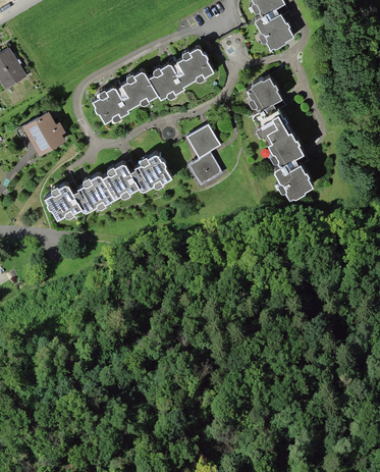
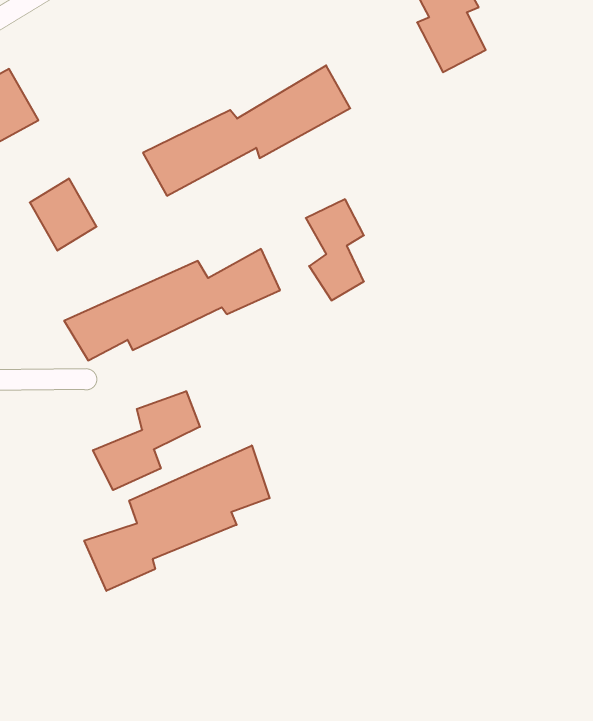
building: [246,74,314,200] -> none
building: none -> [93,391,200,490]
building: none -> [84,445,270,591]

